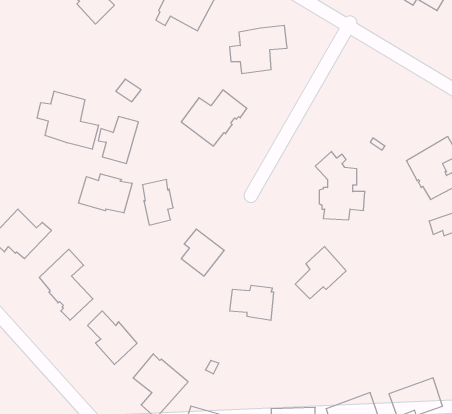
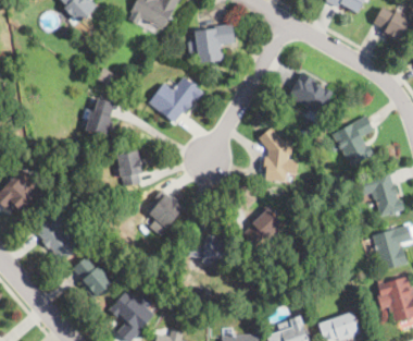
building: none -> [288,71,333,114]
building: [37,91,99,149] -> none
building: [79,174,132,213] -> none

